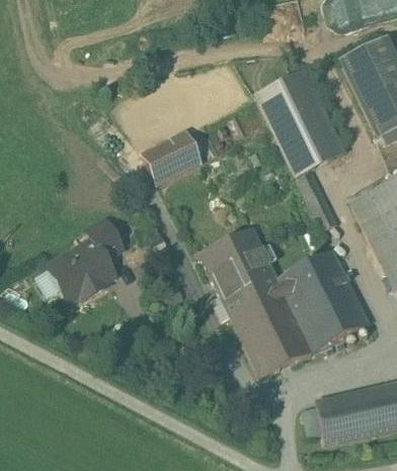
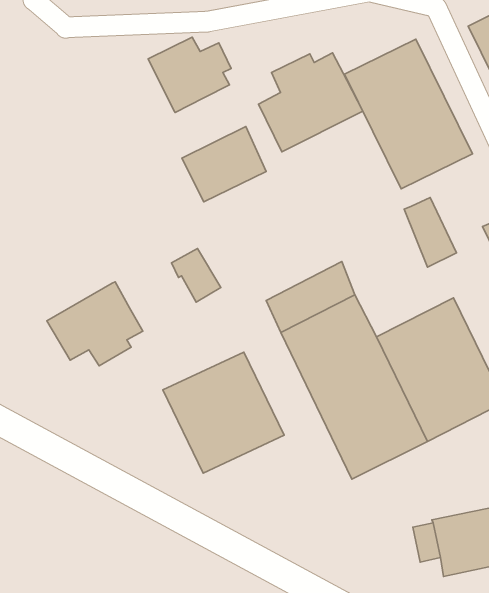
building: none -> [148,37,231,113]
building: none -> [259,53,363,152]
building: [88,218,123,256] -> [171,248,221,302]
building: none -> [163,352,284,473]

